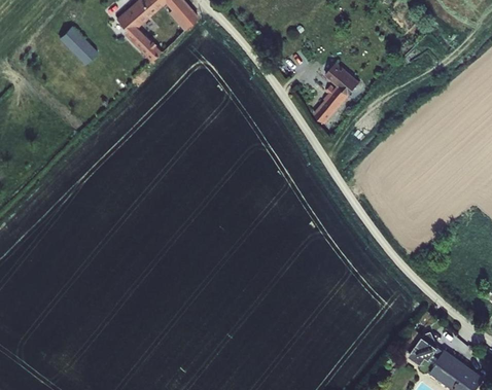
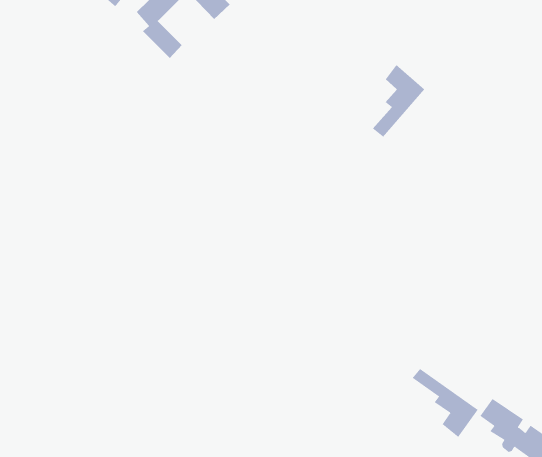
building: [63,26,102,66] -> none
building: none -> [412,368,478,438]

